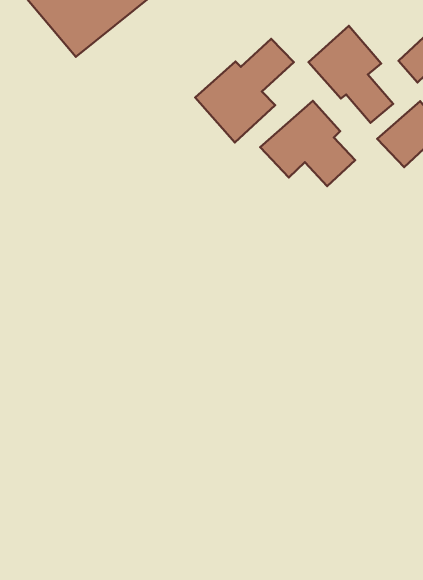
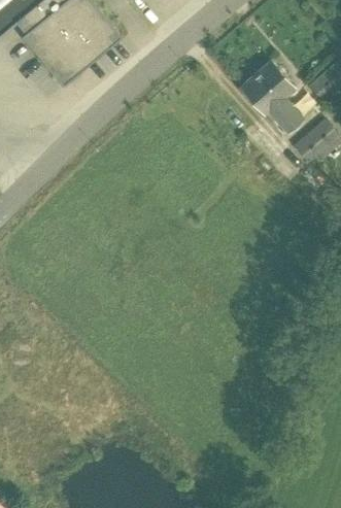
building: [195,39,294,142] -> none
building: [260,101,355,186] -> none

